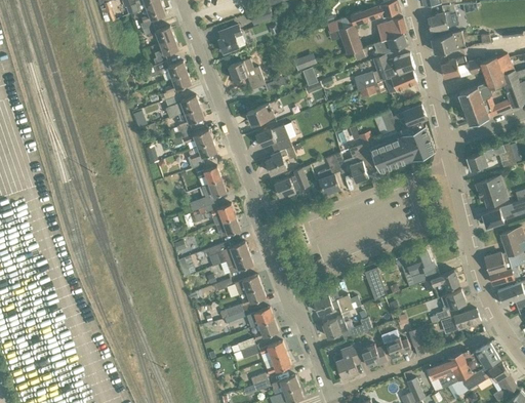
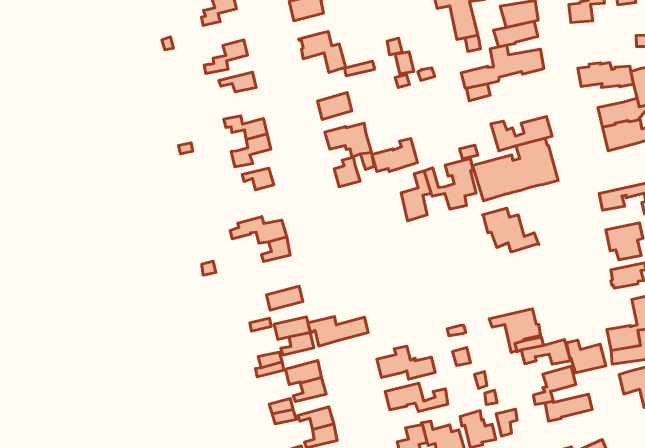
building: [431,31,465,53] -> none
building: [148,61,187,78] -> none
building: [385,69,417,93] -> none
building: [176,107,204,133] -> none
building: [274,168,309,196] -> [372,138,417,171]
building: none -> [482,208,539,252]
building: [188,178,227,212] -> none
building: [203,241,249,267] -> [308,316,368,346]
building: none -> [566,340,606,373]

